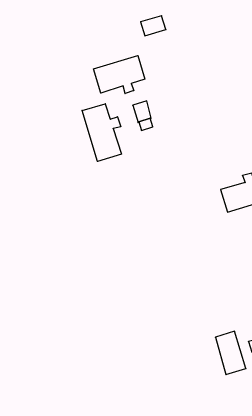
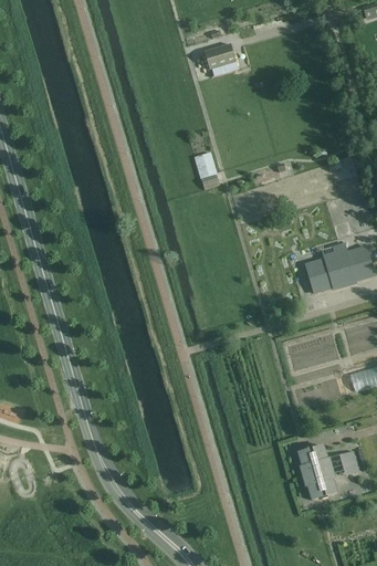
building: [93,56,145,94] -> none
building: [82,104,121,161] -> none

